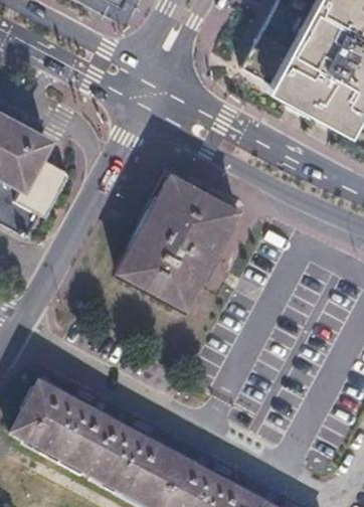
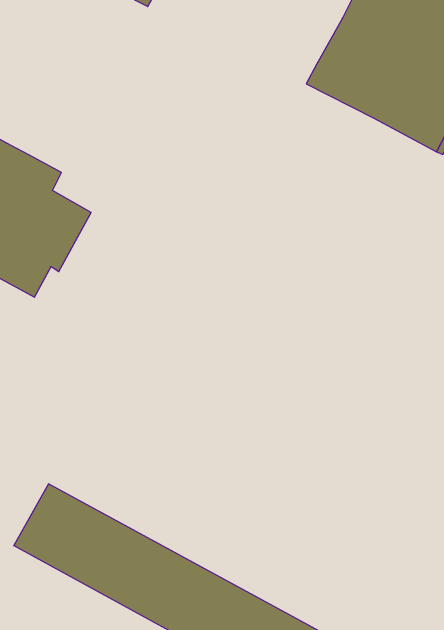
building: [121,170,239,300] -> none

